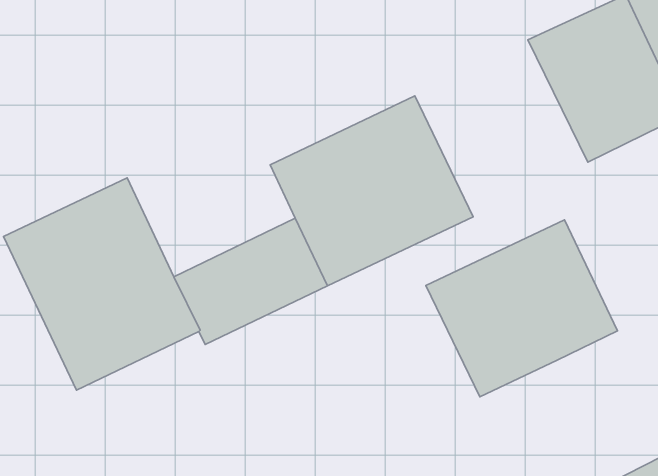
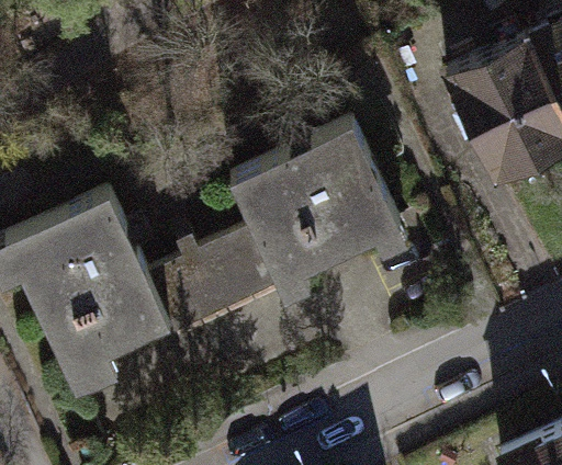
building: [426,220,617,397] -> none

